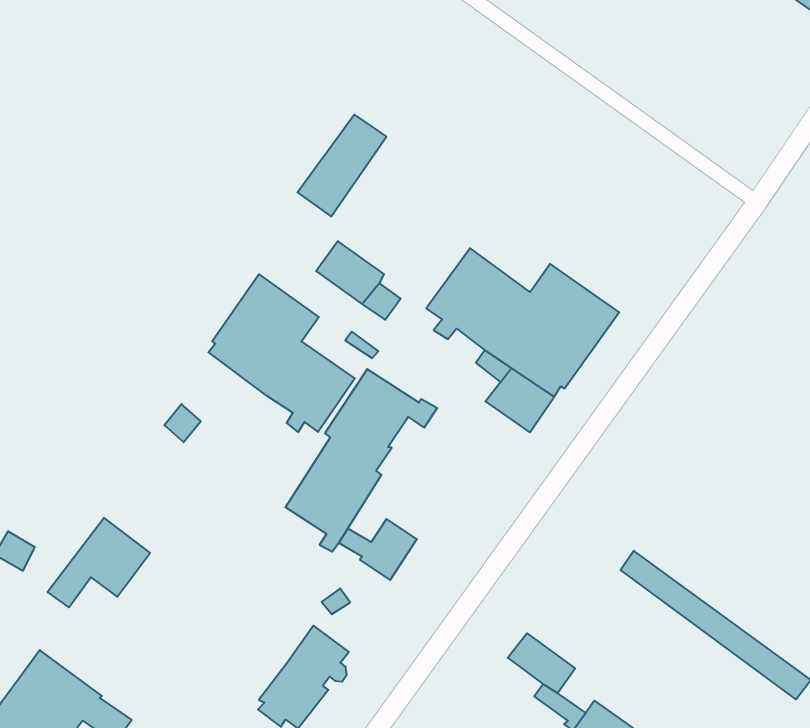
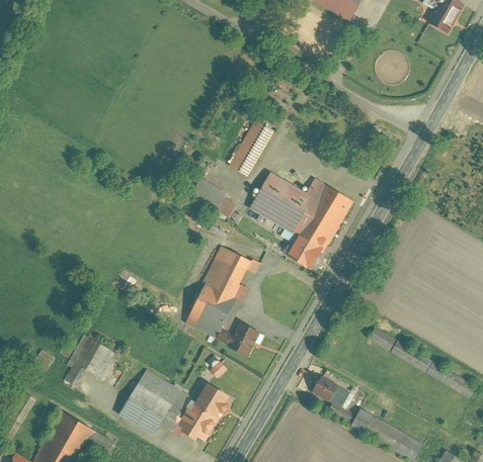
building: [297,115,386,217] -> [228,119,272,175]
building: [208,274,355,432] -> none
building: none -> [118,369,194,434]

